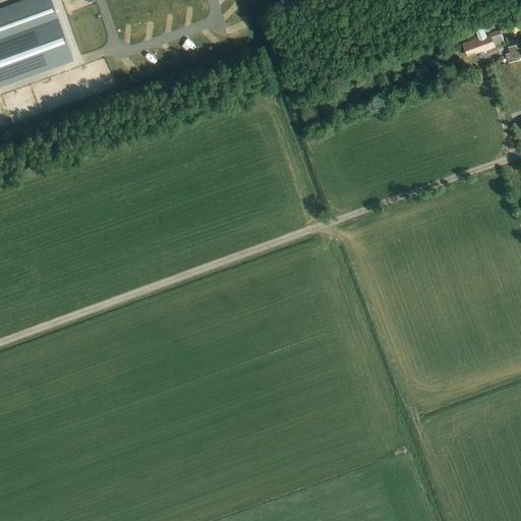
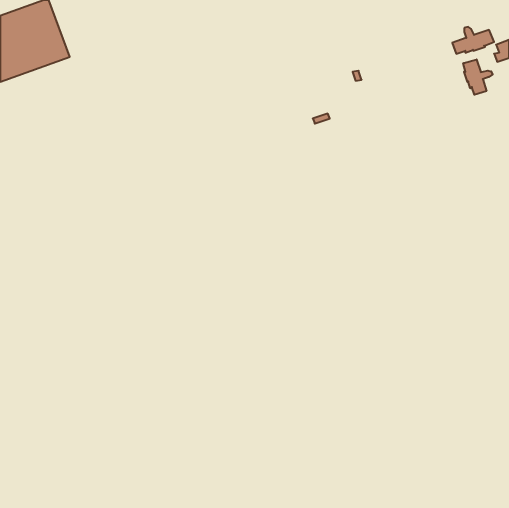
building: none -> [463,59,493,95]

